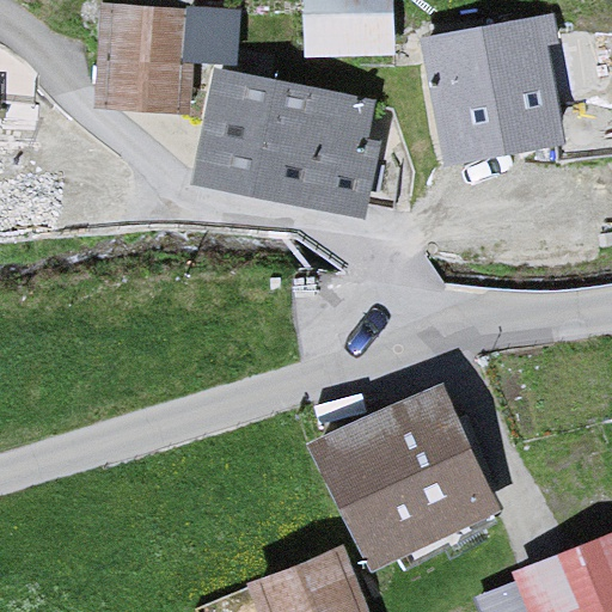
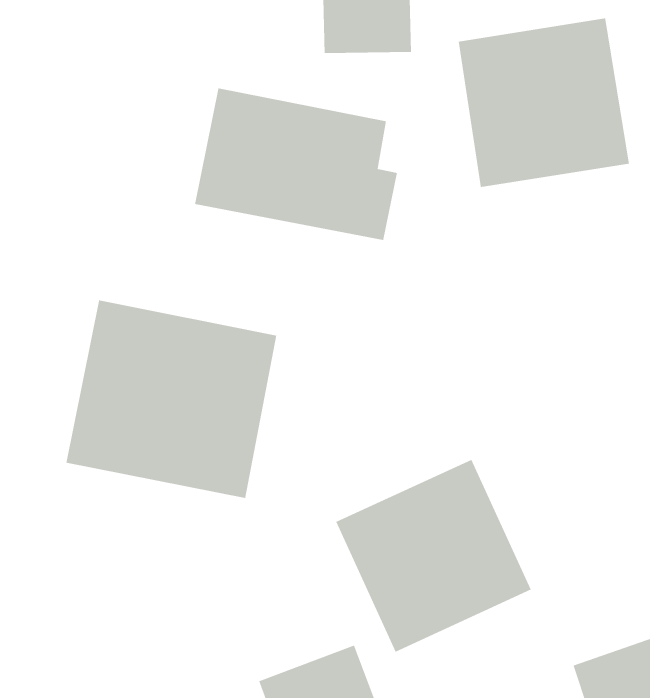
building: [100,12,228,108] -> none
building: none -> [66,299,277,499]

